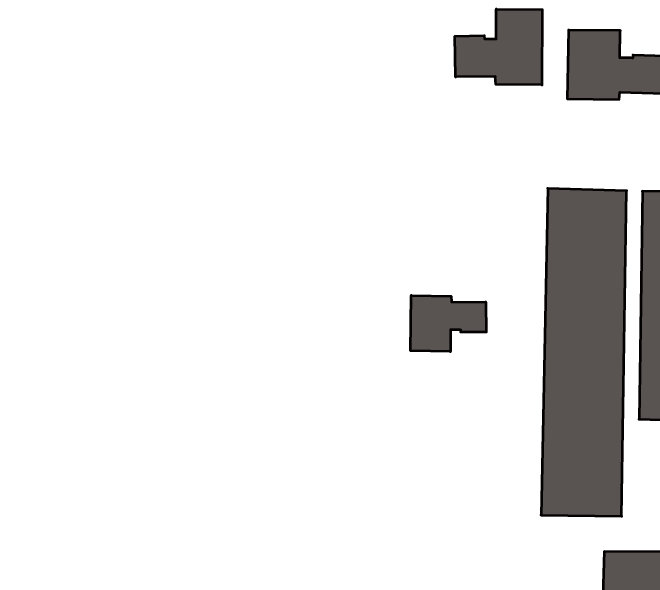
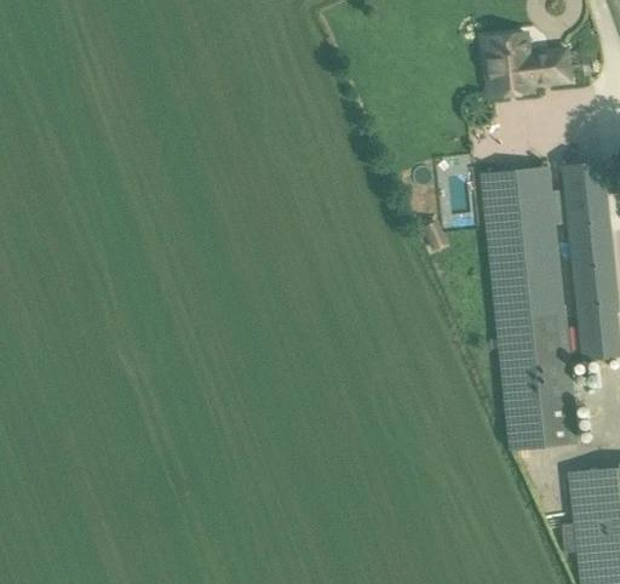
building: [455,9,542,85] -> none
building: [411,295,486,352] -> none

